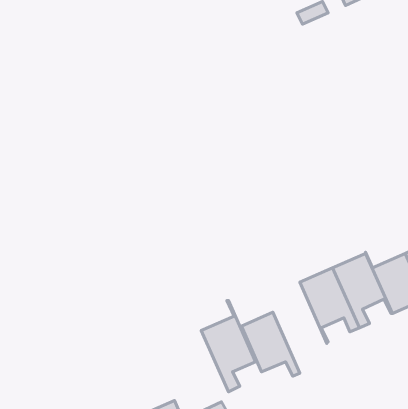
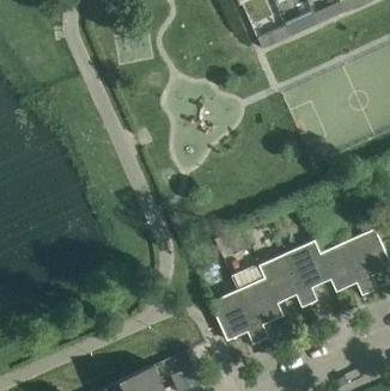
building: [201,301,255,392] -> [236,265,281,342]

